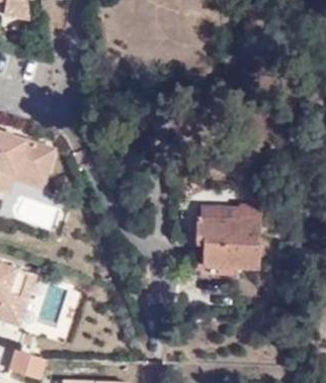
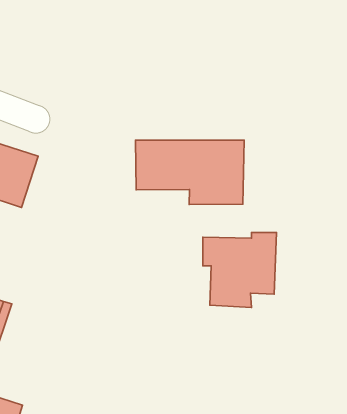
building: none -> [136,140,244,204]

